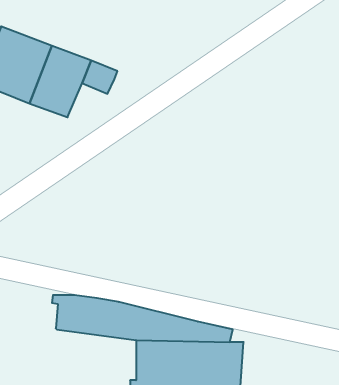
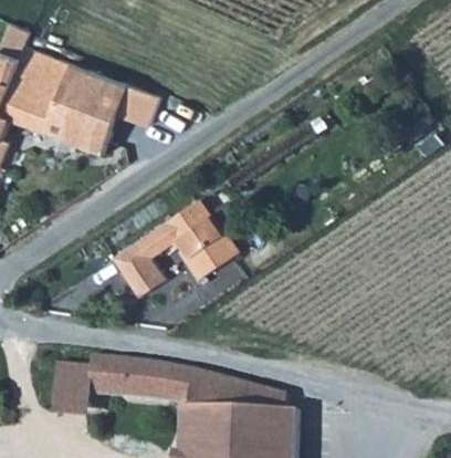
building: none -> [112,196,238,294]
building: none -> [51,362,88,418]

